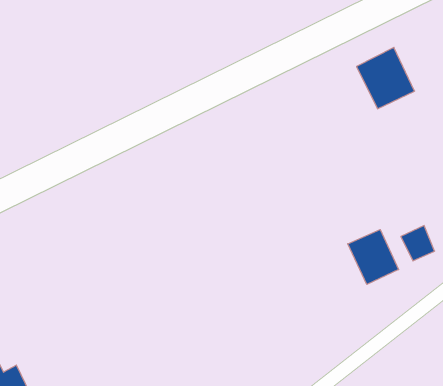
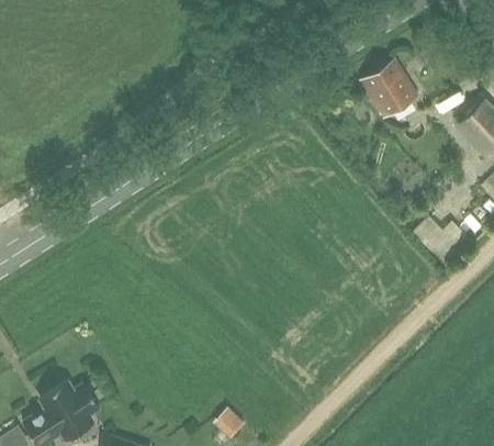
building: [348,230,399,284] -> none

